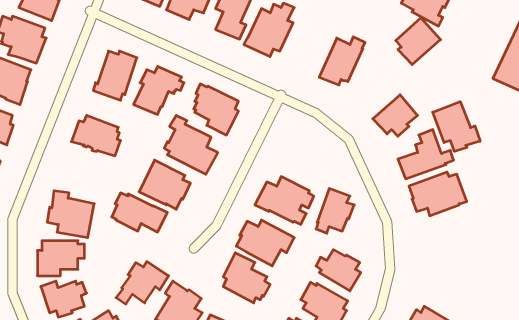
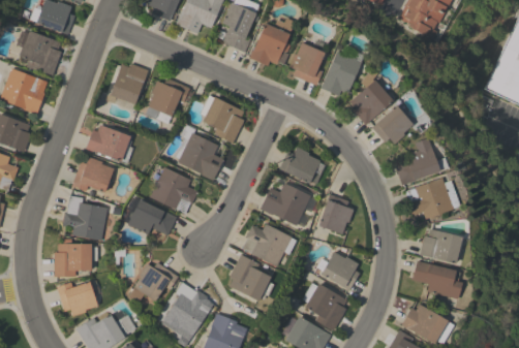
building: [396,18,441,65] -> [350,80,393,124]
building: none -> [288,41,325,85]
building: [433,102,480,151] -> none
building: none -> [279,147,322,183]
building: none -> [72,156,116,193]
building: none -> [420,228,462,263]
building: none -> [413,260,462,298]

